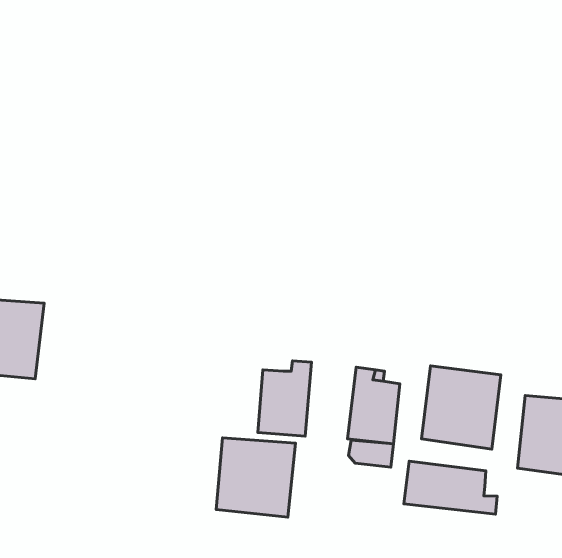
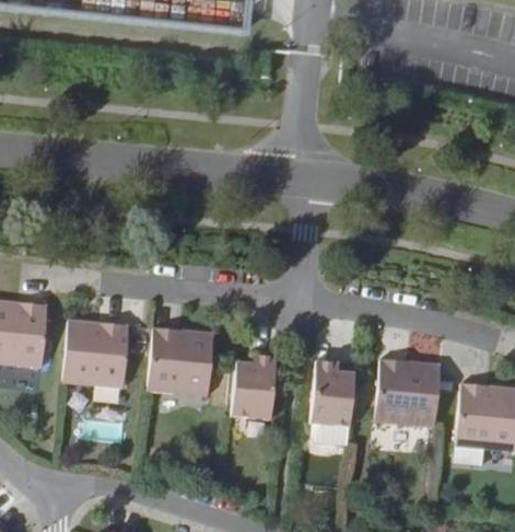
building: none -> [63,319,131,386]
building: [216,438,295,517] -> [149,327,216,395]
building: [404,461,497,514] -> none

